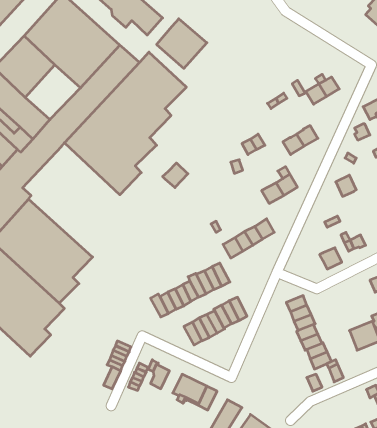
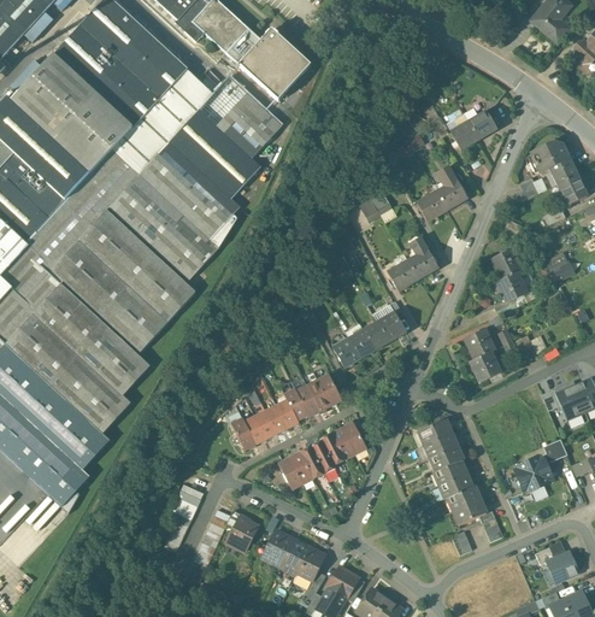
building: none -> [225,28,260,65]
building: none -> [53,94,131,171]
building: none -> [49,208,193,348]
building: [163,163,188,188] -> none
building: none -> [496,272,526,302]
building: none -> [464,329,494,359]

